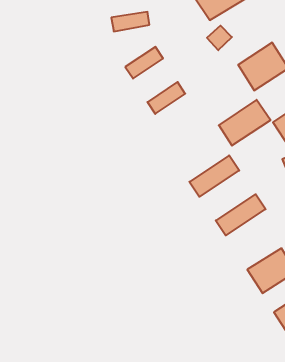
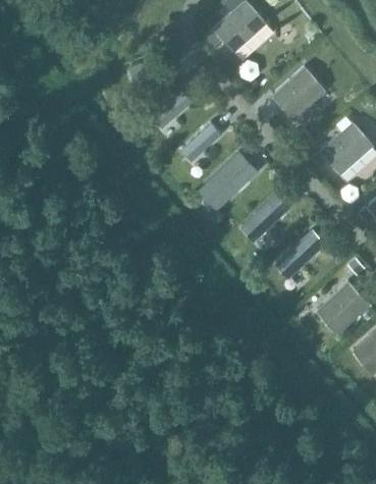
building: [219,100,271,146] -> [204,152,258,205]

